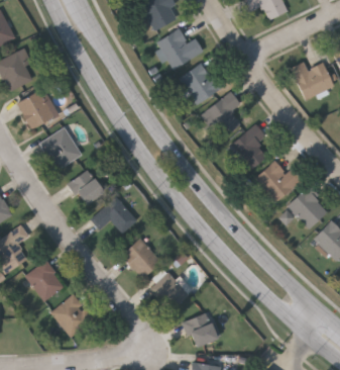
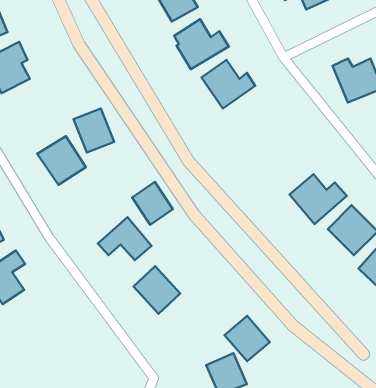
building: [19,91,53,128] -> [74,108,114,153]
building: [204,91,241,137] -> none
building: [229,123,267,170] -> none
building: [70,169,104,205] -> [132,182,173,225]
building: [25,260,66,300] -> none
building: [150,272,189,310] -> [224,316,270,361]
building: [51,293,94,337] -> none

